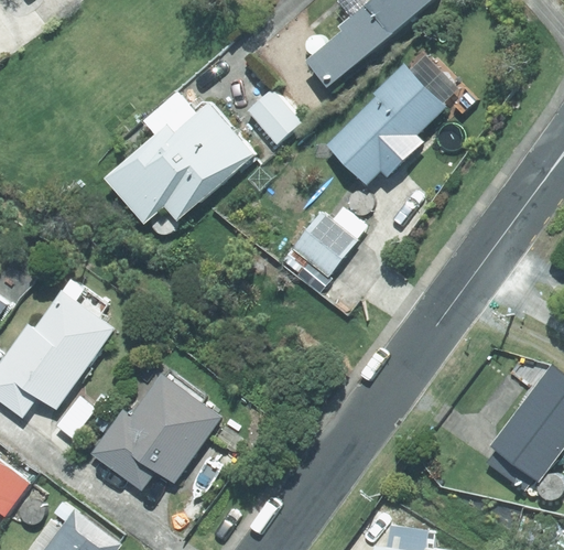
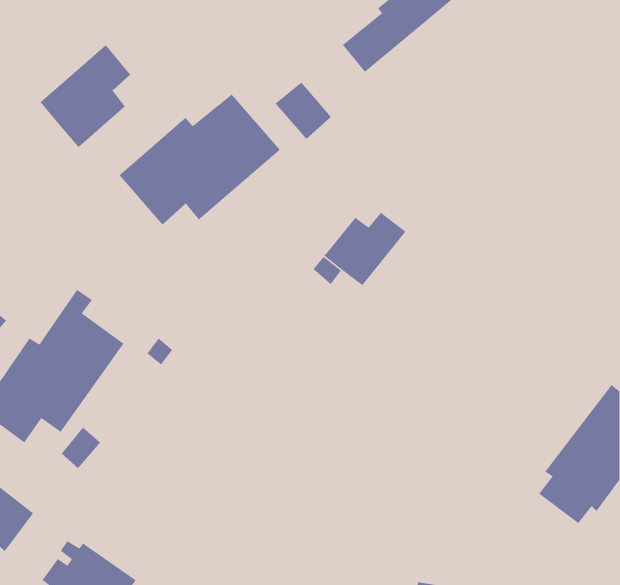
building: none -> [39,44,131,148]
building: [328,64,447,183] -> none
building: [90,375,219,490] -> none

